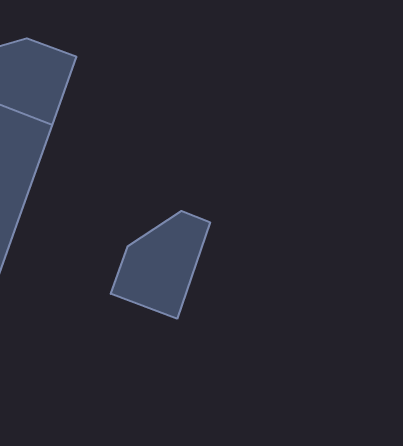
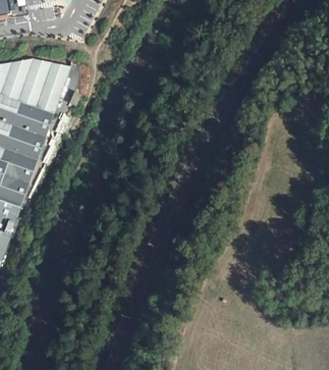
building: [111,211,210,319] -> none

